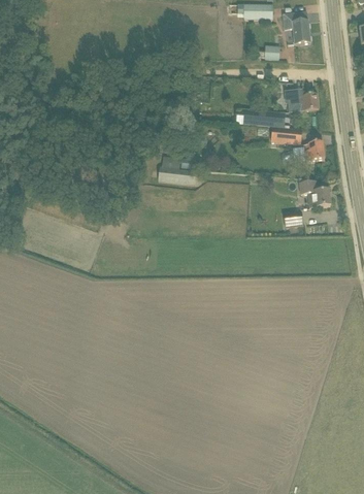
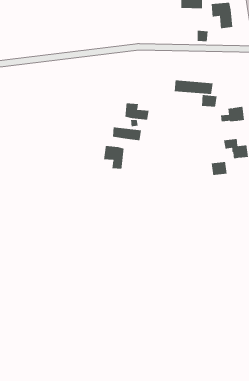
building: [284,88,319,111] -> none
building: none -> [125,102,149,121]
building: none -> [103,145,124,169]

